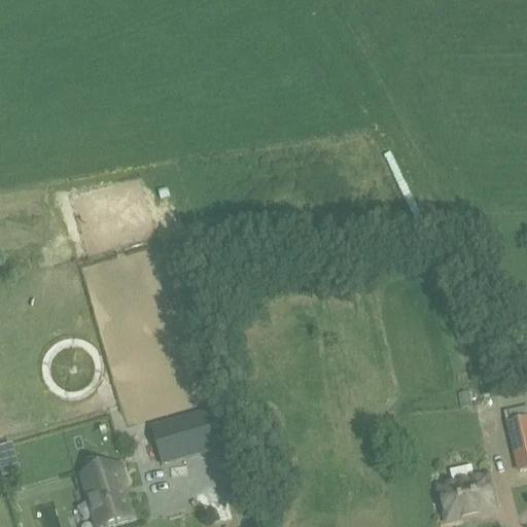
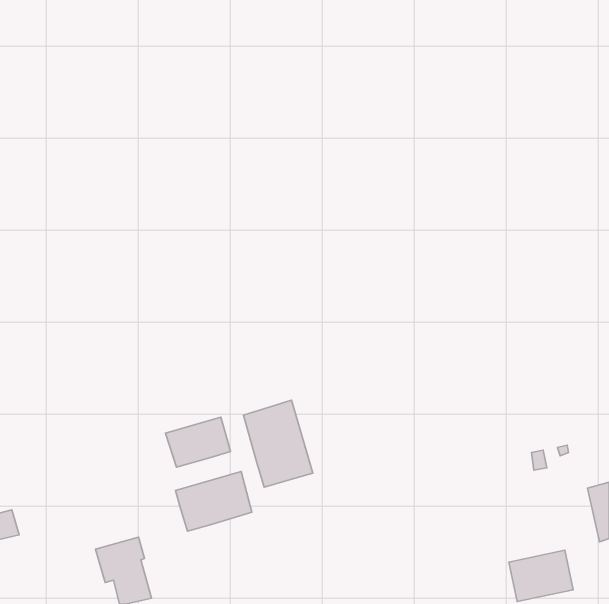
building: none -> [244,400,313,487]
building: none -> [166,417,231,467]

